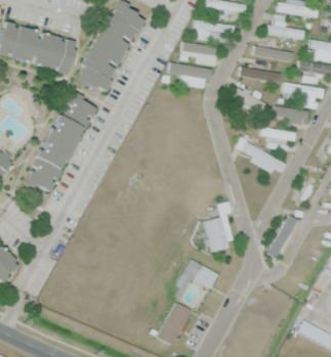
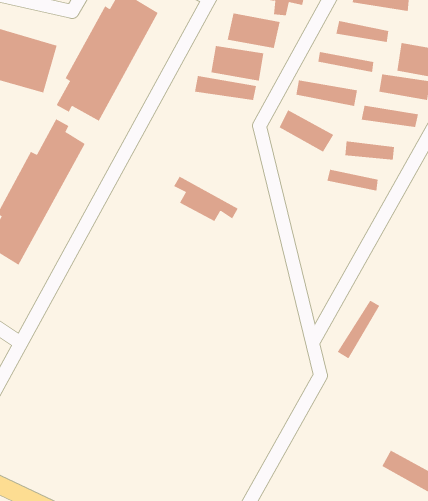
building: [241,141,286,173] -> [173,176,239,222]
building: [205,218,230,252] -> none
building: [175,259,218,293] -> none
building: [157,303,191,345] -> none

